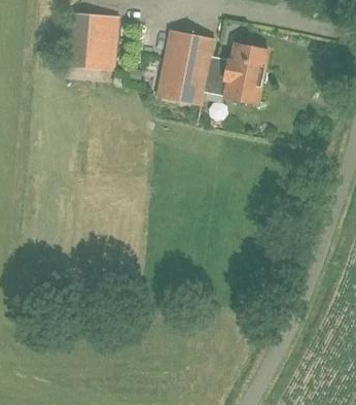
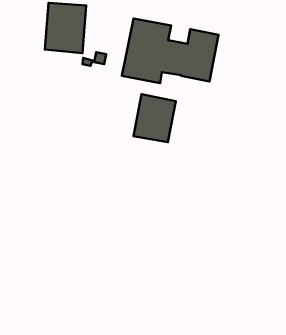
building: none -> [134,94,176,142]

